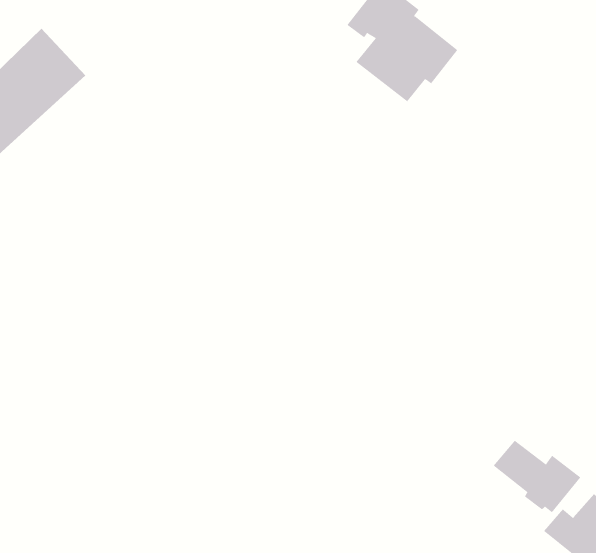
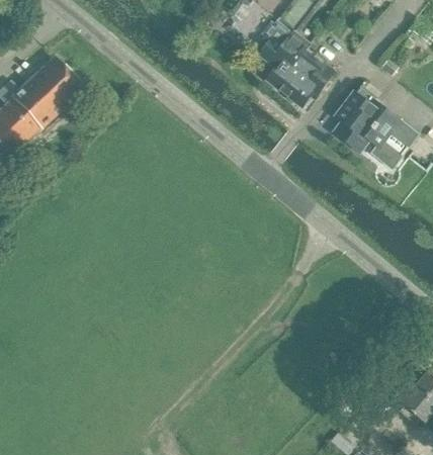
building: none -> [333,88,416,169]
building: [493,440,581,513] -> none

